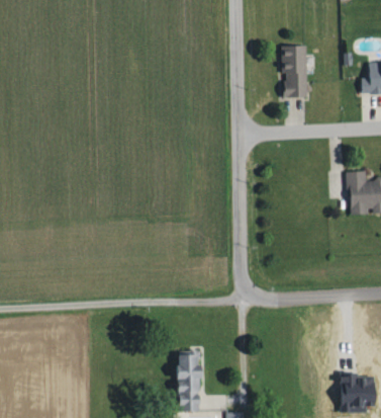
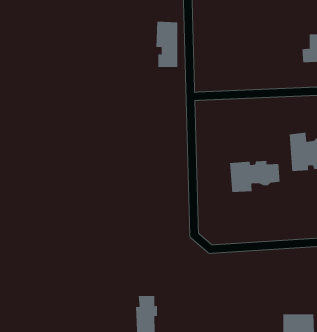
building: [281,45,306,96] -> [156,21,178,68]
building: none -> [229,160,280,193]

